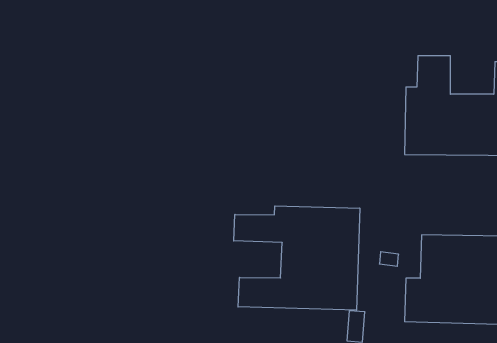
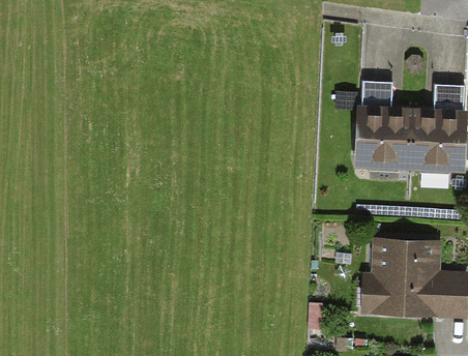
building: [234,206,360,310] -> none

